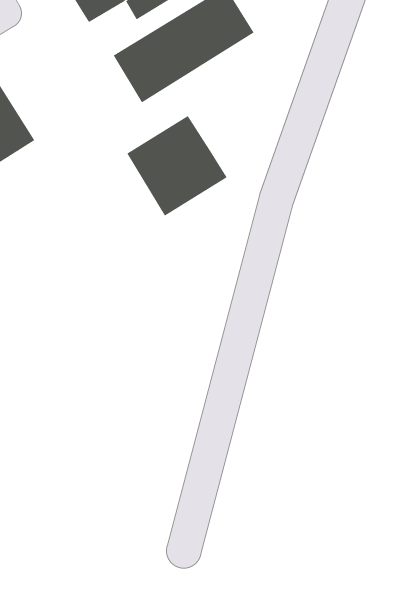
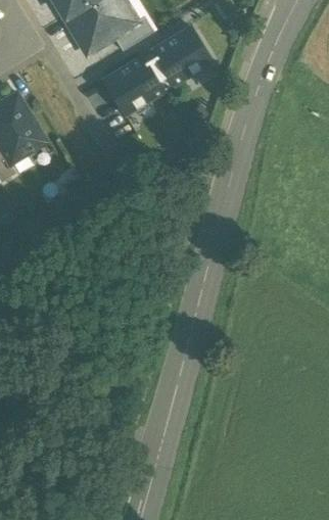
building: [127,115,227,217] -> none

